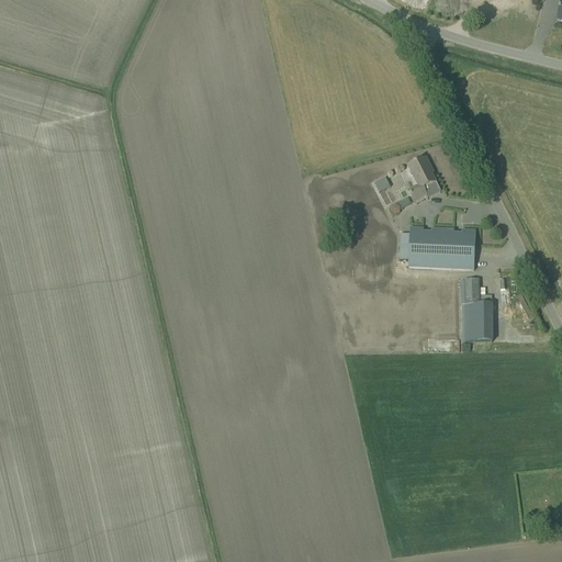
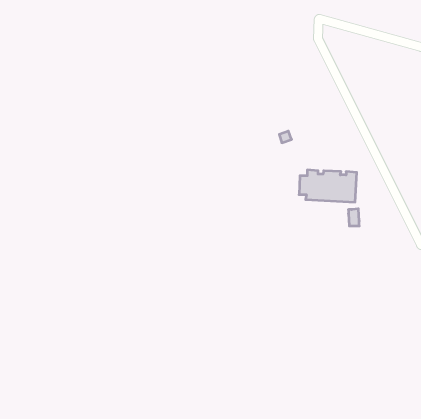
building: [407,156,436,201] -> none
building: [464,303,492,340] -> none

